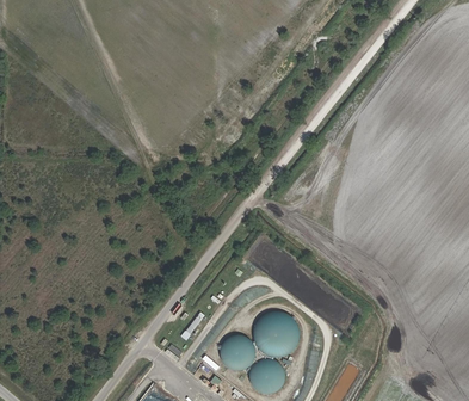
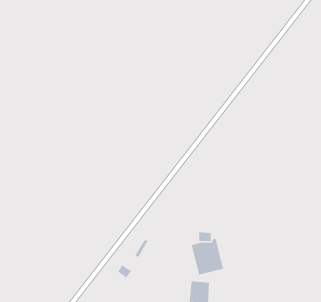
building: [222,338,249,369] -> none

